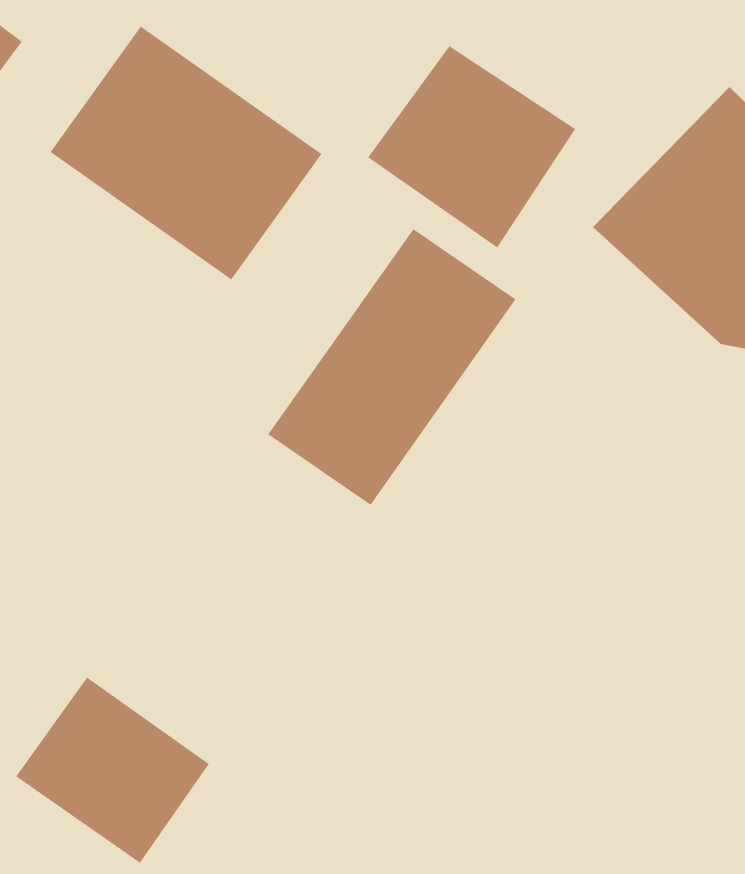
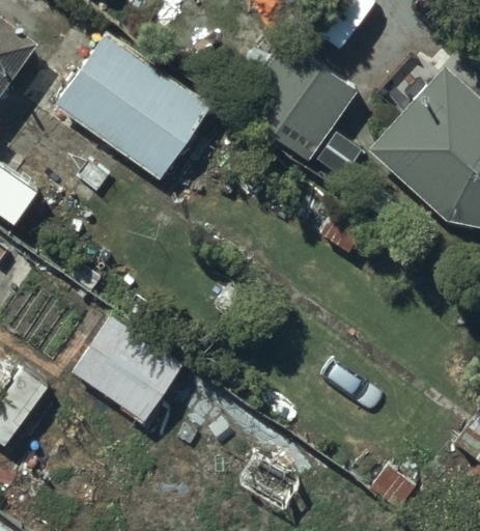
building: [267,228,517,506] -> none
building: [15,676,210,864] -> [69,317,182,426]

